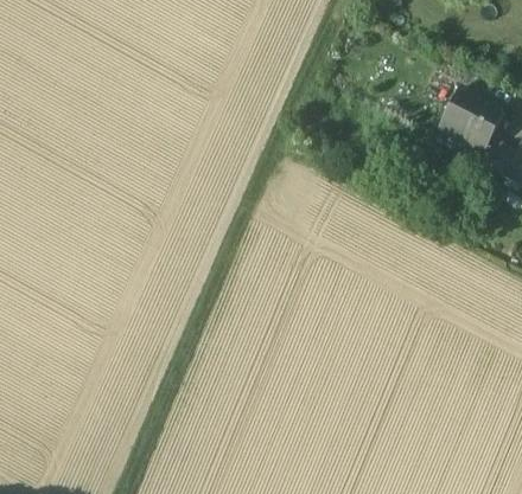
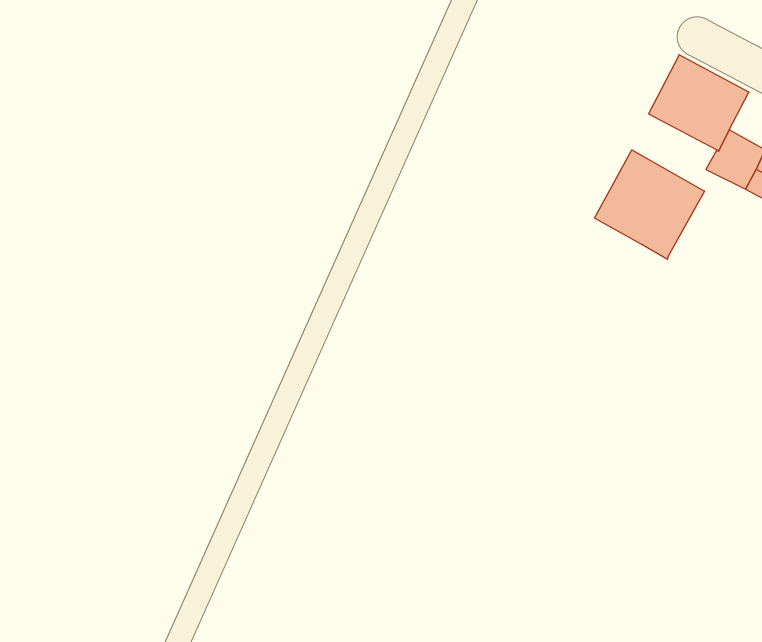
building: none -> [595,150,705,259]

